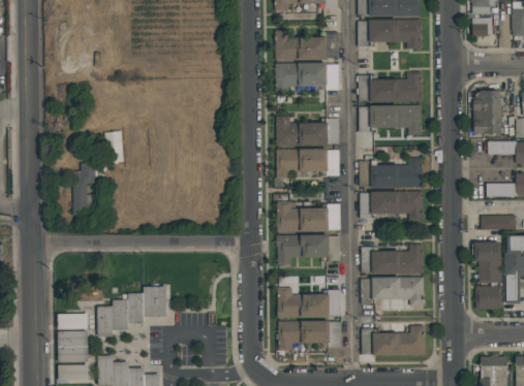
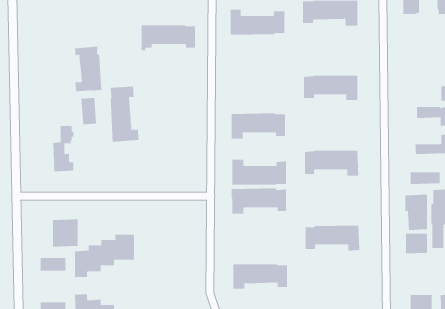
building: [275,63,338,93] -> [141,25,196,51]
building: none -> [74,46,102,92]
building: [358,72,422,102] -> none
building: [473,91,501,133] -> none
building: [276,116,339,146] -> none
building: none -> [110,86,139,142]
building: [359,158,423,188] -> none
building: [361,244,424,274] -> none
building: [277,288,339,318] -> none
building: [361,325,424,355] -> none
building: [58,330,88,362] -> [52,219,78,247]

